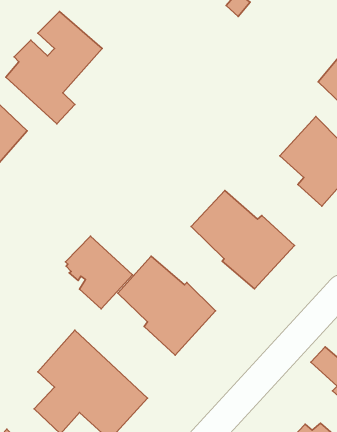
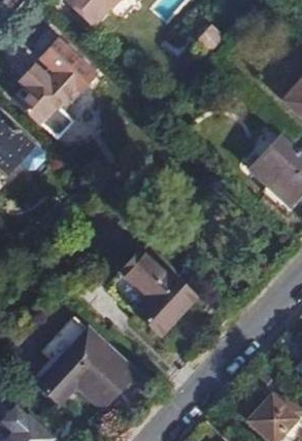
building: [191,191,295,289] -> none
building: [65,236,132,309] -> none

